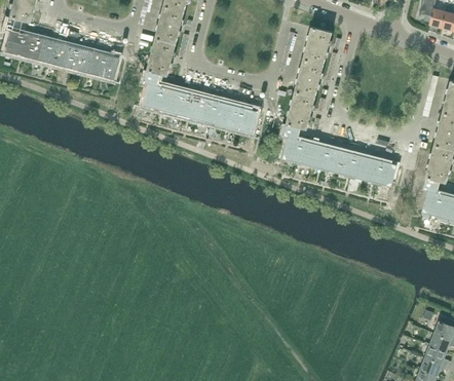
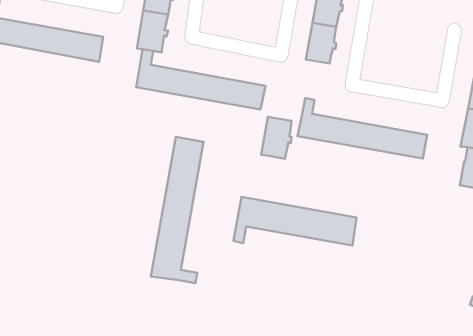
building: [287,90,315,128] -> [261,117,292,159]
building: none -> [151,137,203,283]
building: none -> [233,197,356,245]

